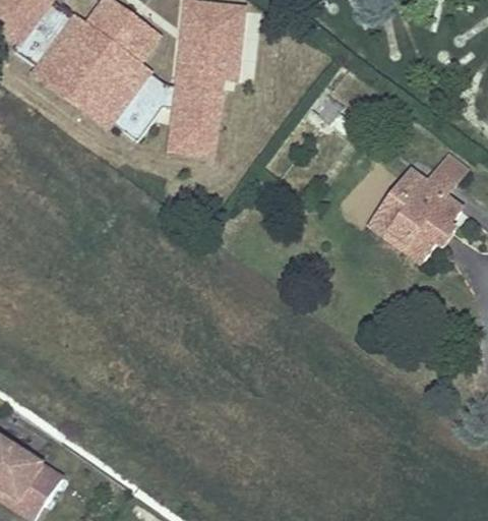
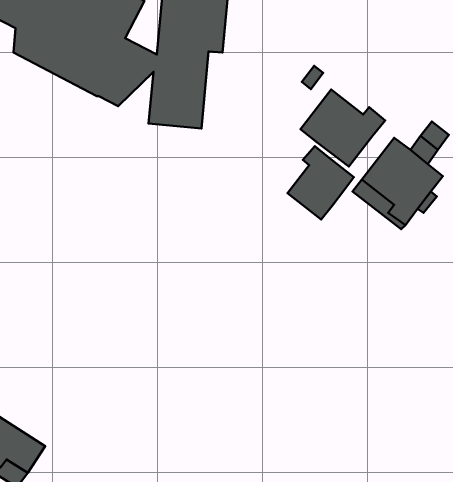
building: none -> [300,90,385,166]
building: none -> [287,146,354,220]

